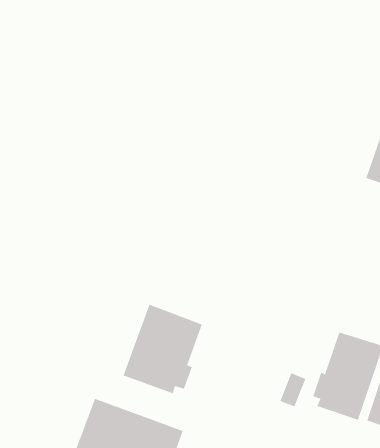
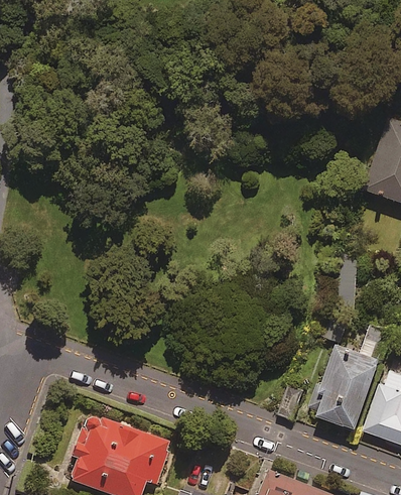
building: [123,304,203,394] -> none

